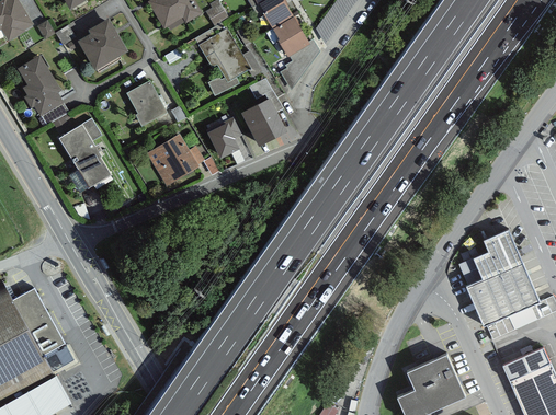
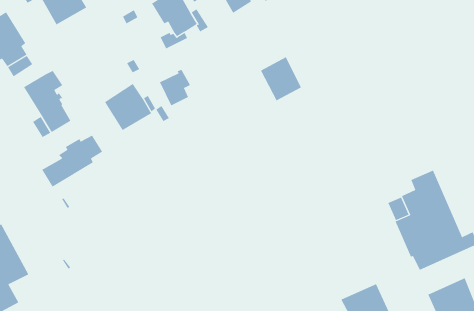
building: [125,80,166,125] -> none
building: [240,95,286,145] -> [260,56,302,101]
building: none -> [42,135,103,188]

